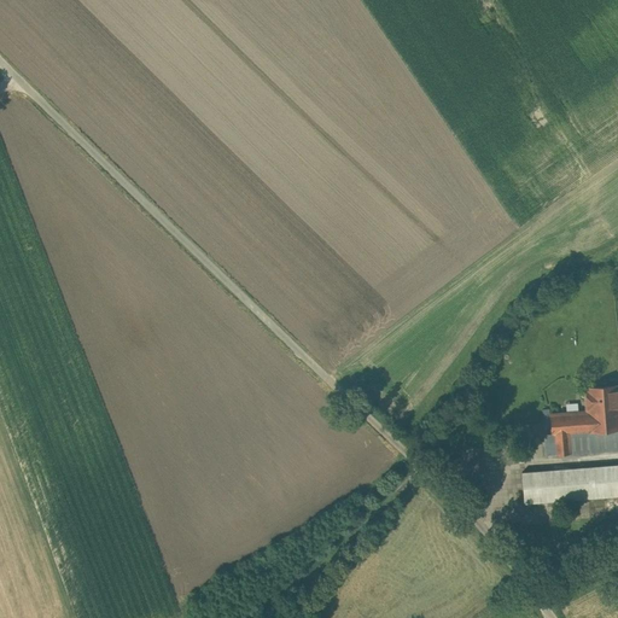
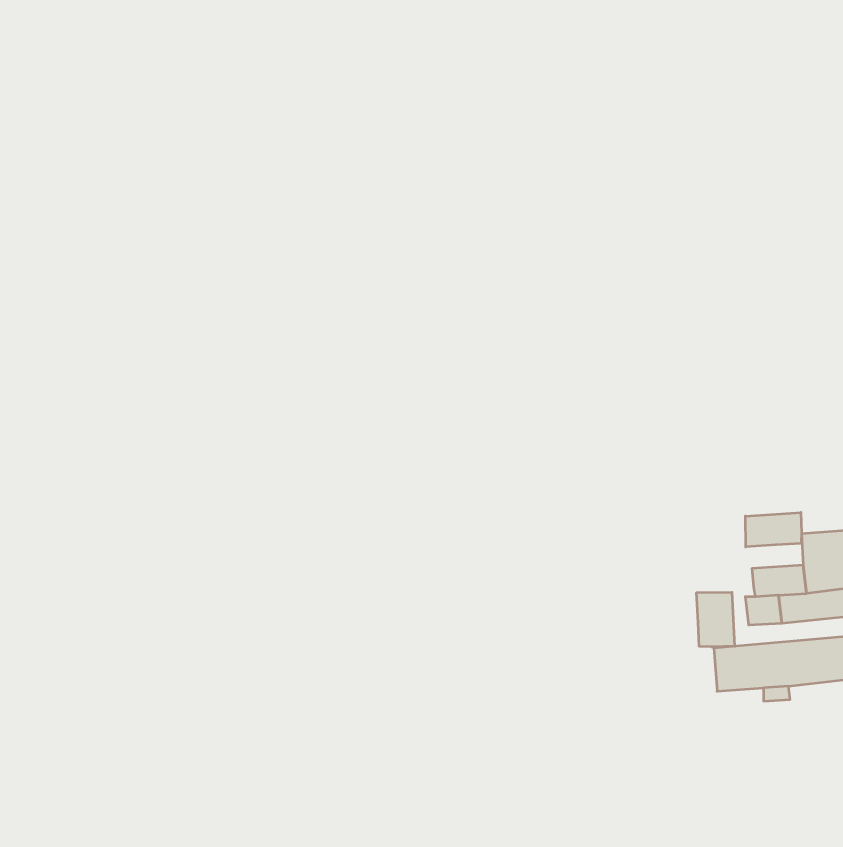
building: none -> [745,512,802,547]
building: none -> [697,592,735,647]

